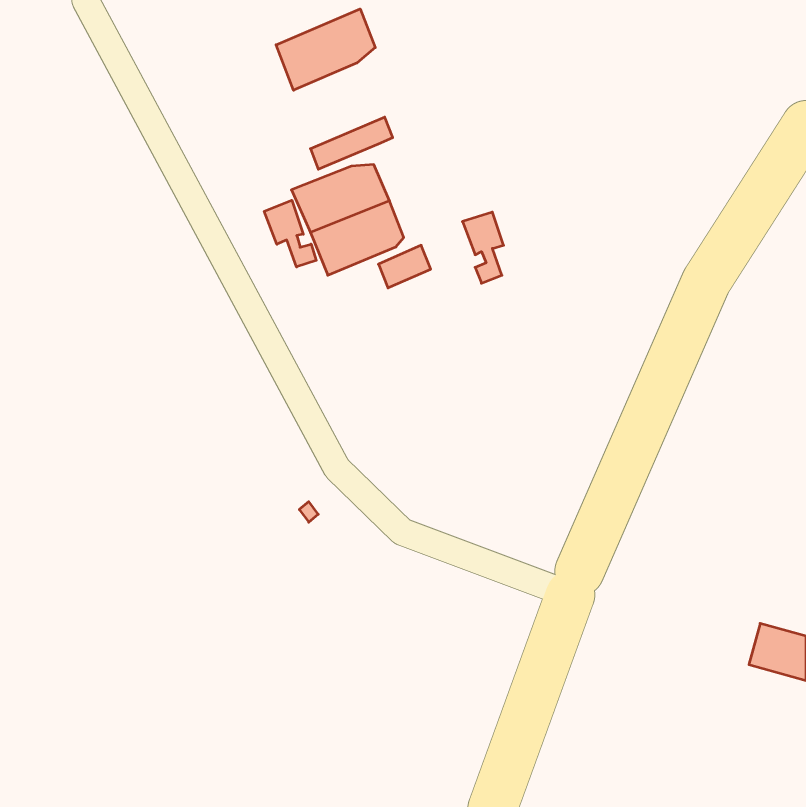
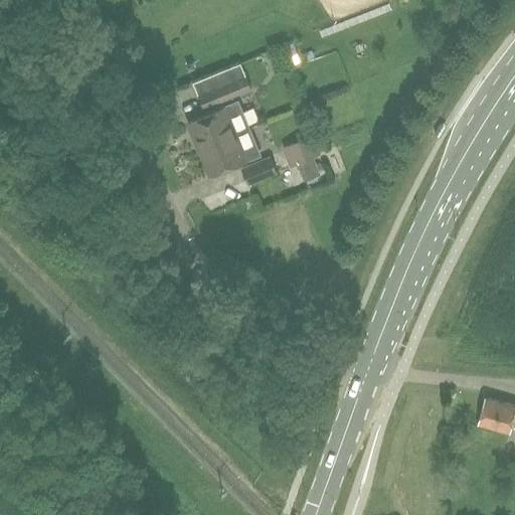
building: [276,9,375,90] -> none
building: [264,200,316,267] -> none

